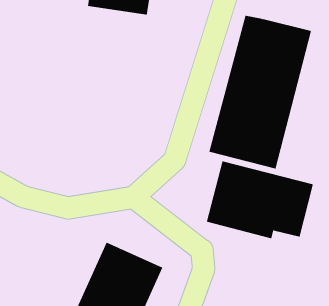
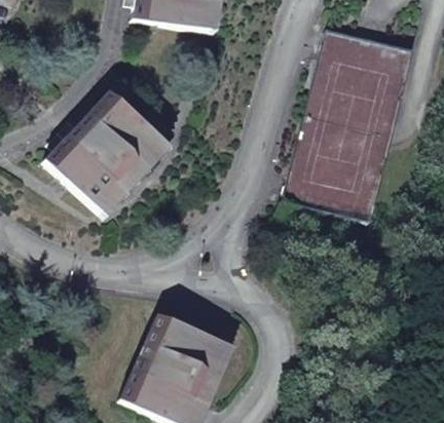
building: none -> [48,88,168,210]
building: [206,160,314,239] -> none

